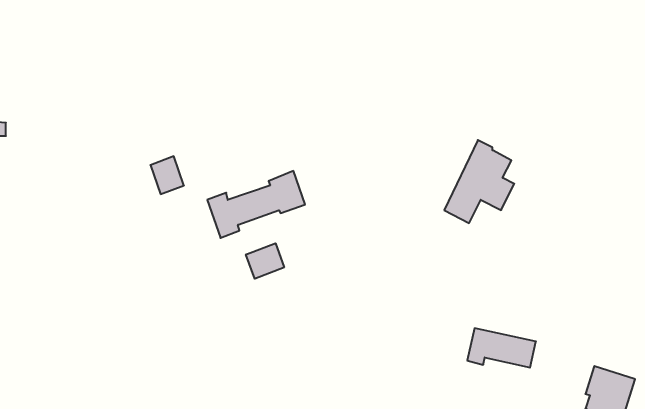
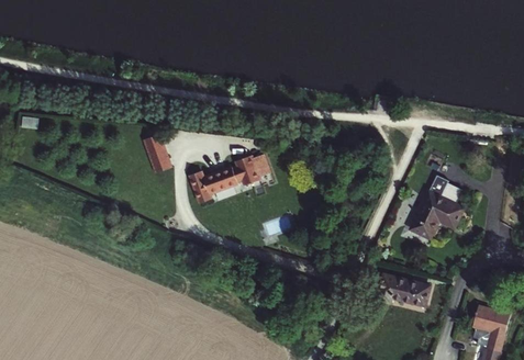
building: [444,140,514,223] -> [414,177,467,239]
building: [246,243,284,279] -> none

